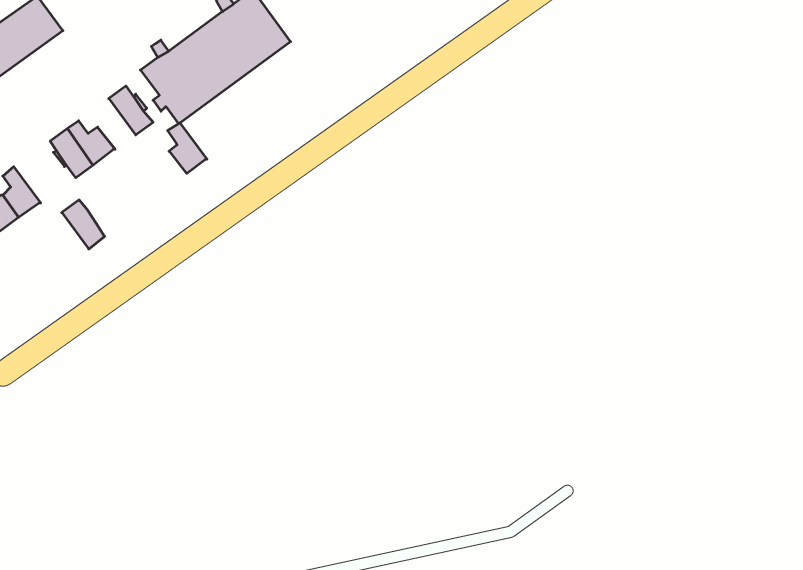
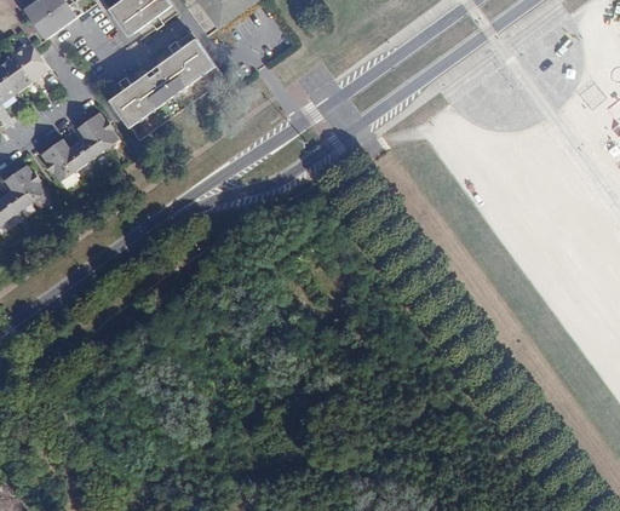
building: [168,123,207,173] -> [74,121,104,160]
building: [62,200,105,249] -> [11,163,44,201]

